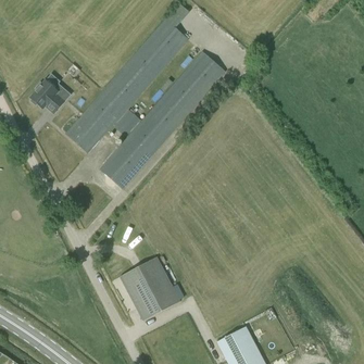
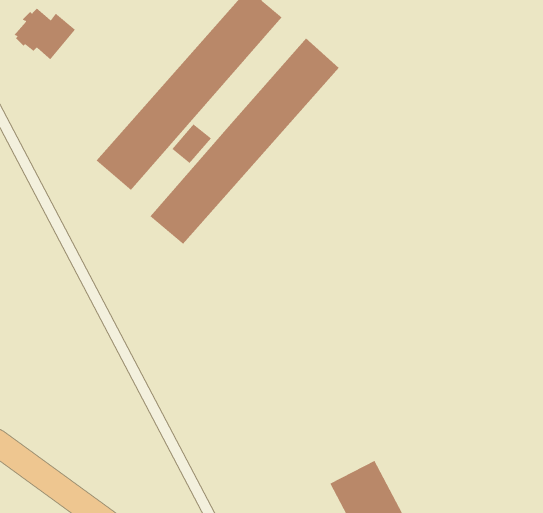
building: [30,79,71,113] -> [13,8,76,60]
building: [121,256,180,319] -> none

